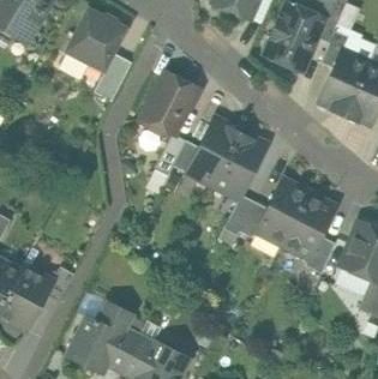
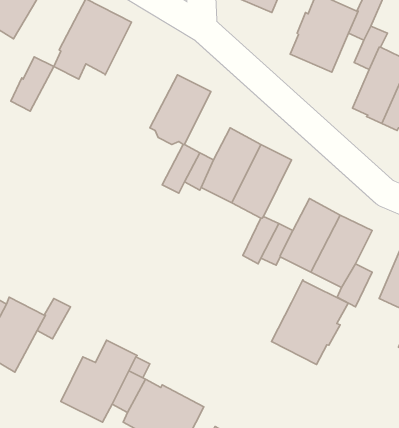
building: [94,54,131,101] -> [11,57,54,111]
building: none -> [271,280,348,364]

